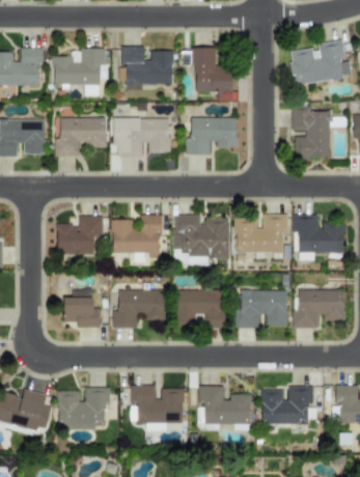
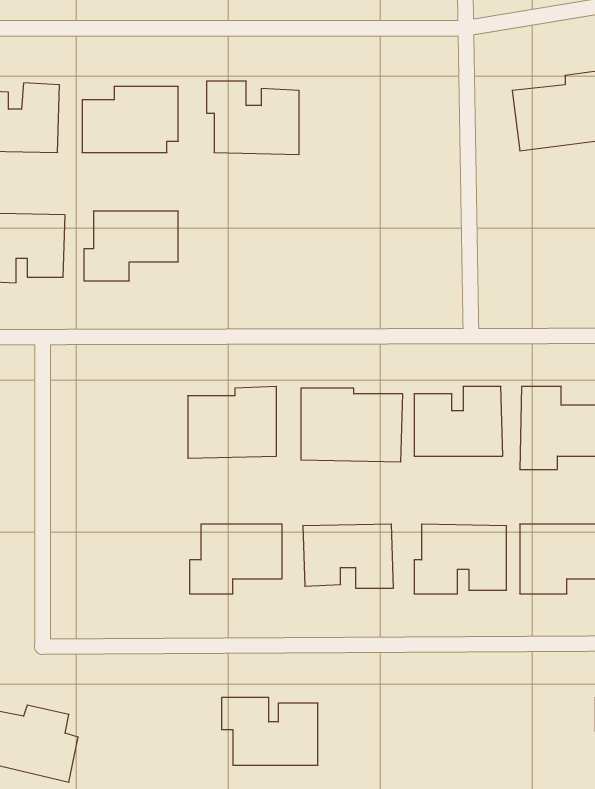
building: [194,48,232,102] -> none
building: [293,111,331,158] -> none
building: [186,117,238,156] -> none
building: [113,118,170,158] -> none
building: [57,216,104,255] -> none
building: [63,289,100,328] -> none
building: [199,387,251,430] -> none
building: [261,387,313,424] -> none
building: [58,388,110,429] -> none

